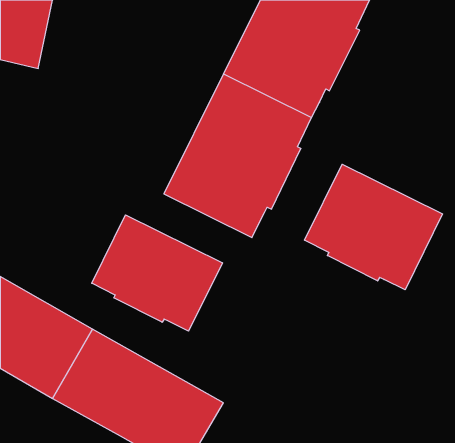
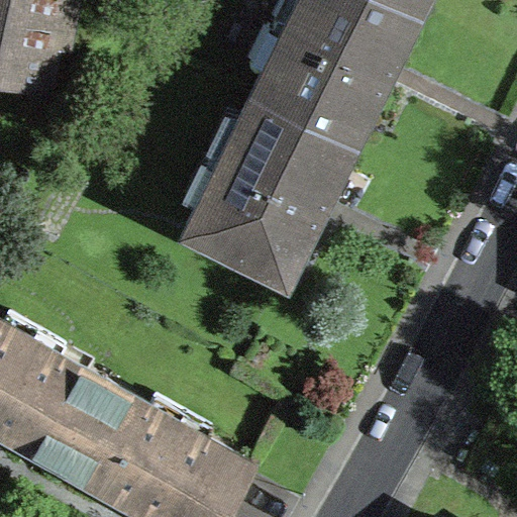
building: [305,164,443,290] -> none
building: [92,215,222,331] -> none

